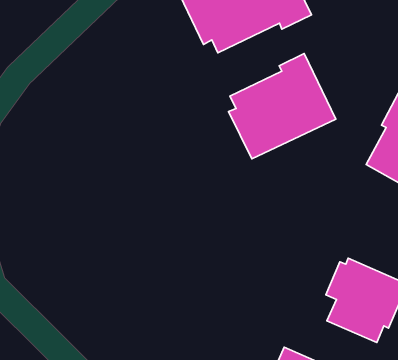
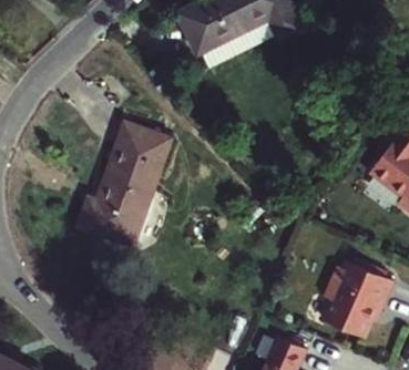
building: [229,54,336,159] -> none
building: none -> [71,129,159,249]

